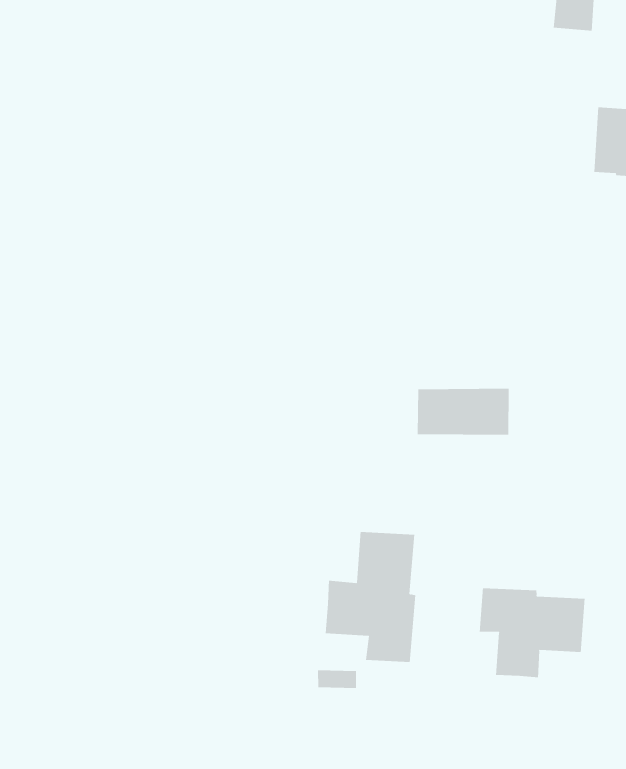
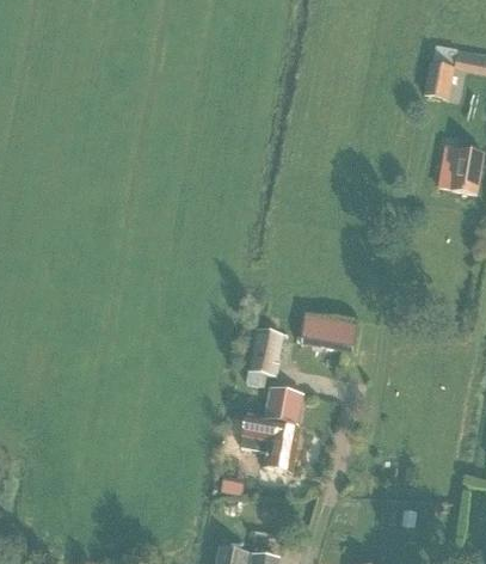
building: none -> [248,327,283,374]
building: [479,588,585,678] -> none

